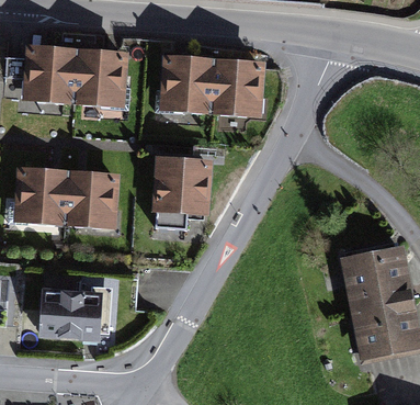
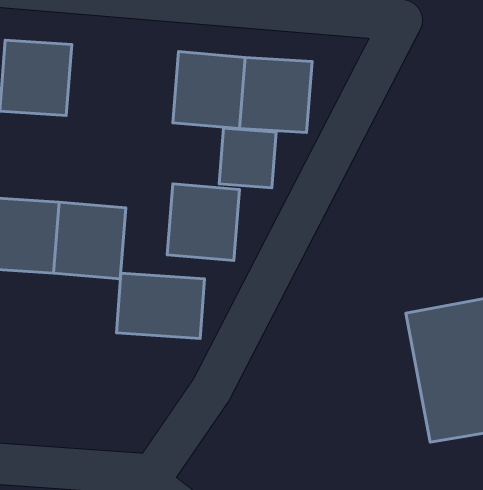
building: [76,49,132,108] -> none
building: none -> [219,128,276,188]
building: [36,288,104,338] -> [116,273,205,339]

